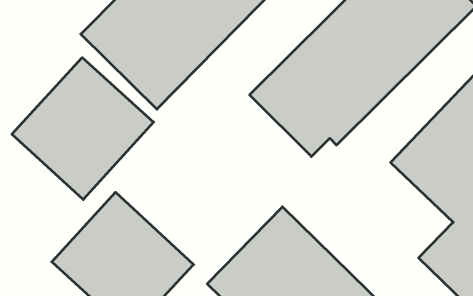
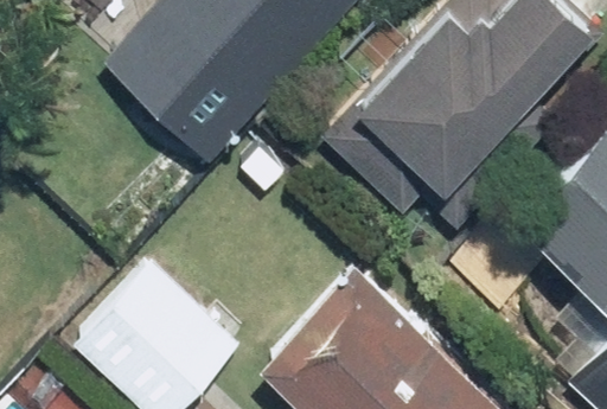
building: [12,58,154,200] -> none

